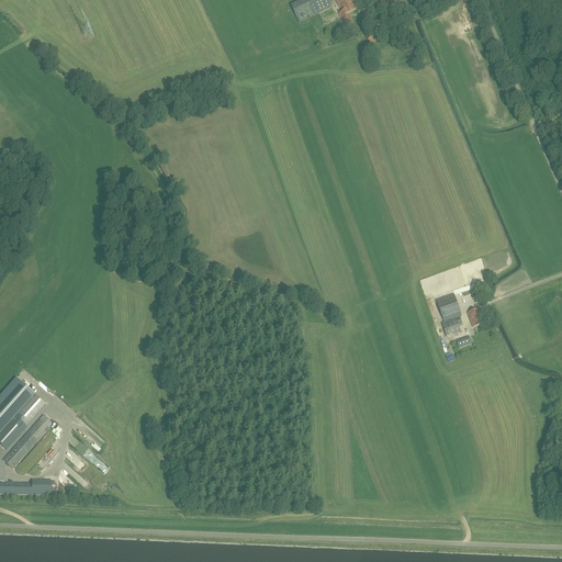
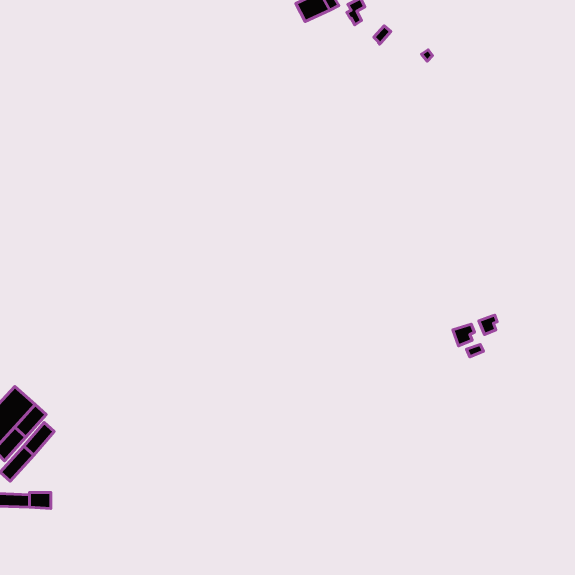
building: [434,292,460,319] -> none

